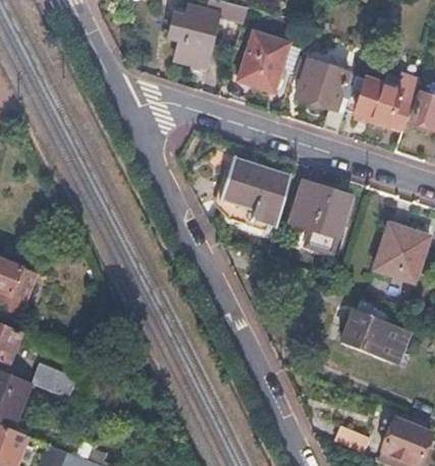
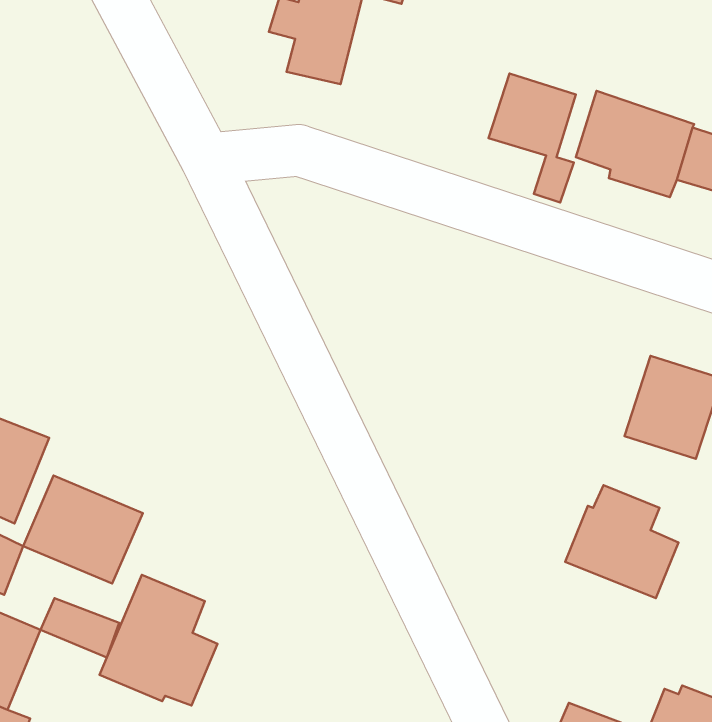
building: [236,32,287,93] -> none
building: [219,159,289,228] -> none
building: [289,182,347,255] -> none
building: none -> [23,476,143,584]
building: none -> [100,575,218,706]

